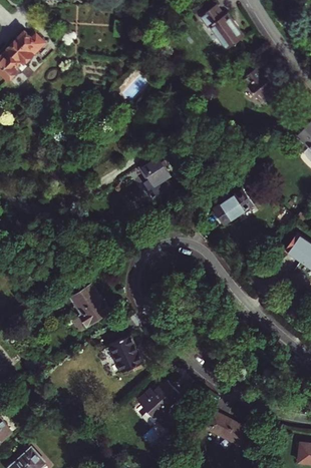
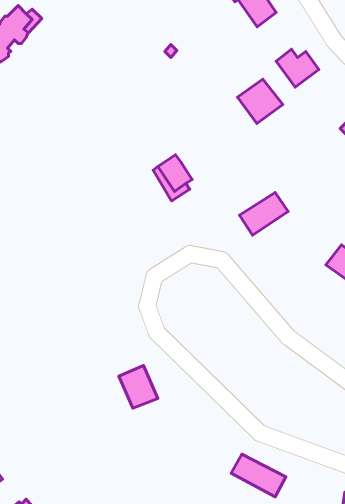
building: none -> [237,79,283,124]
building: [70,283,111,325] -> none
building: [136,380,181,425] -> none

